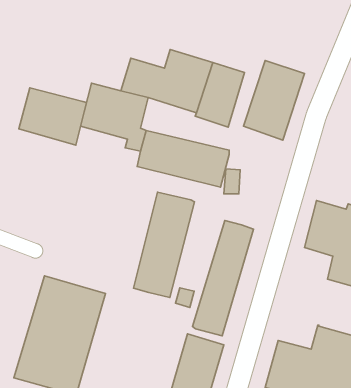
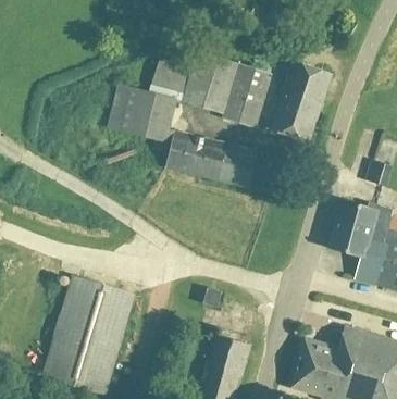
building: [19,88,86,145] -> none
building: [134,192,195,298] -> none
building: [193,220,253,336] -> none

